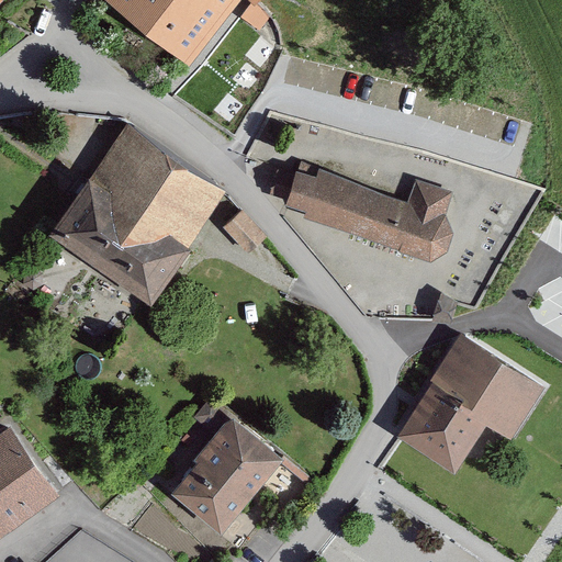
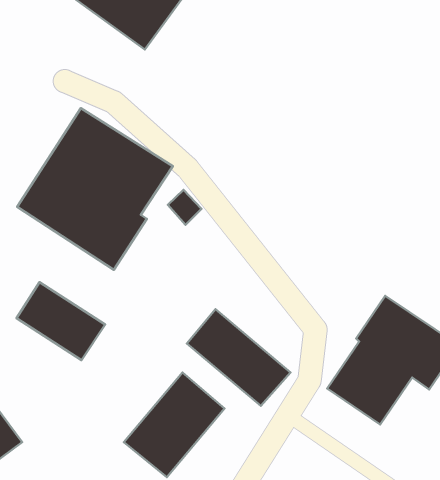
building: [285,171,449,261] -> none
building: none -> [17,282,105,360]
building: none -> [187,309,291,406]

